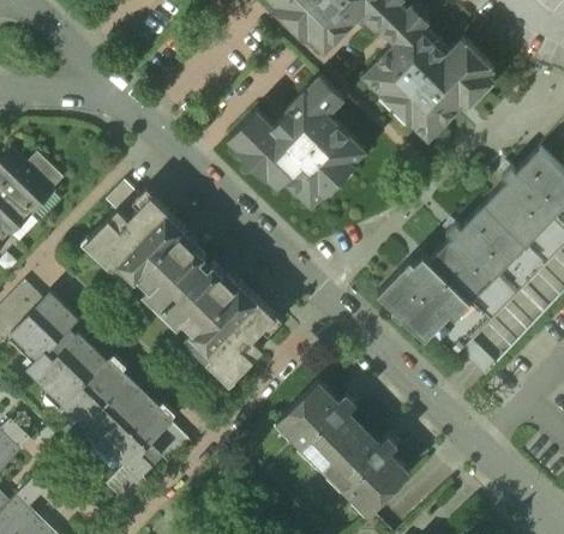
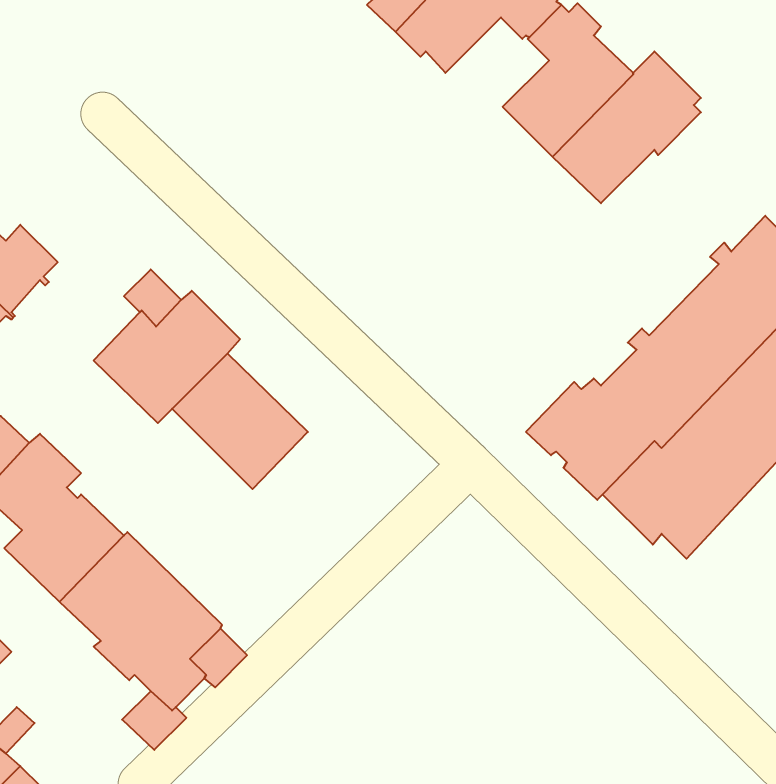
building: [228,78,365,206] -> none
building: [185,284,274,384] -> none
building: [276,382,410,516] -> none

